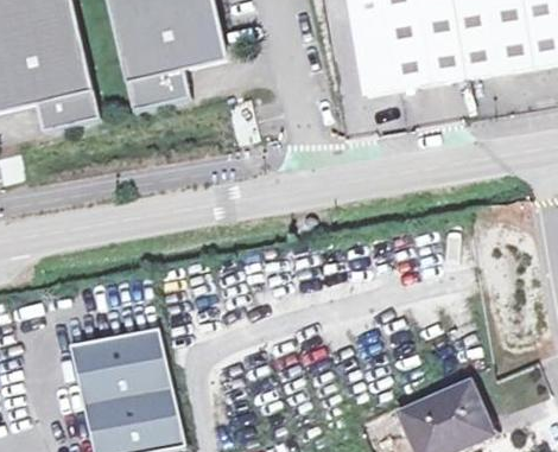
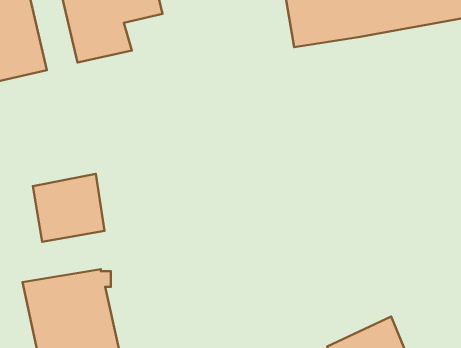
building: none -> [33,174,105,242]

